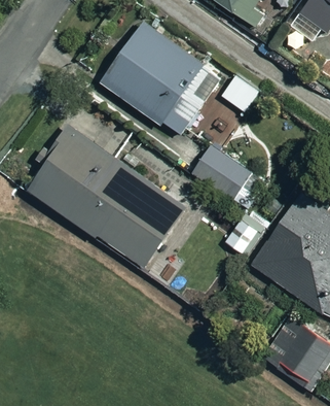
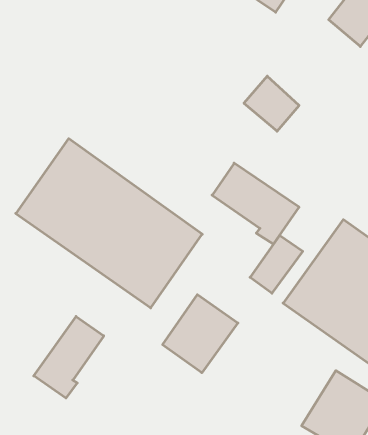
building: [102,21,221,135] -> none
building: none -> [163,295,238,373]
building: none -> [34,316,104,398]

